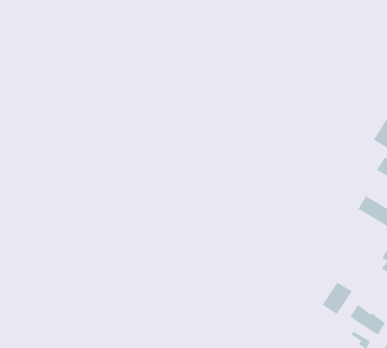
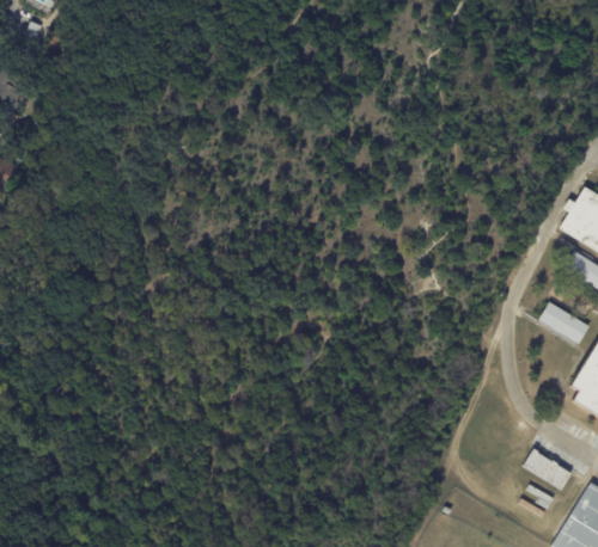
building: [322,281,353,315] -> none

